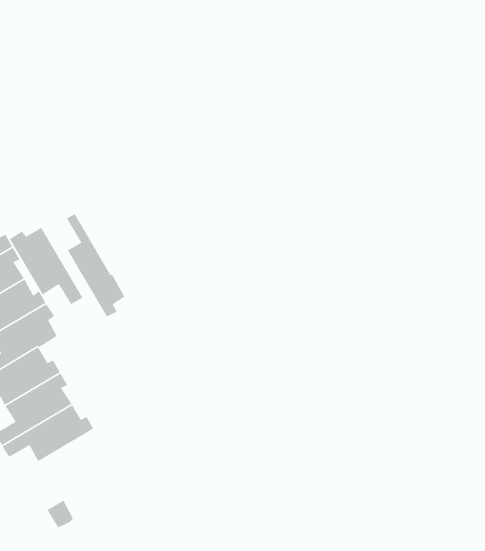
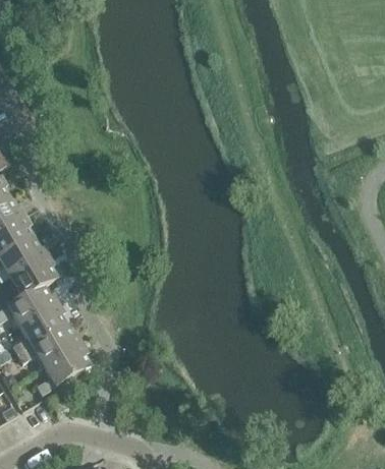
building: [66,213,125,317] -> none
building: [9,227,84,305] -> none
building: none -> [36,342,90,394]

